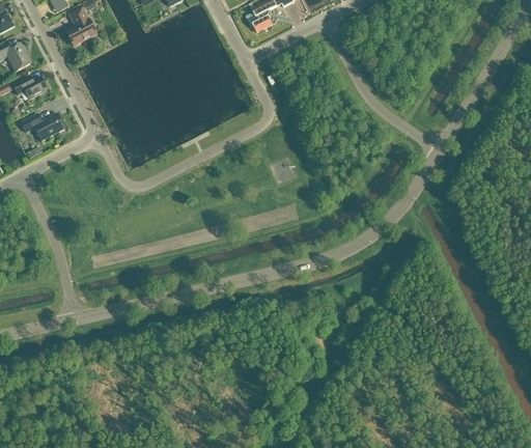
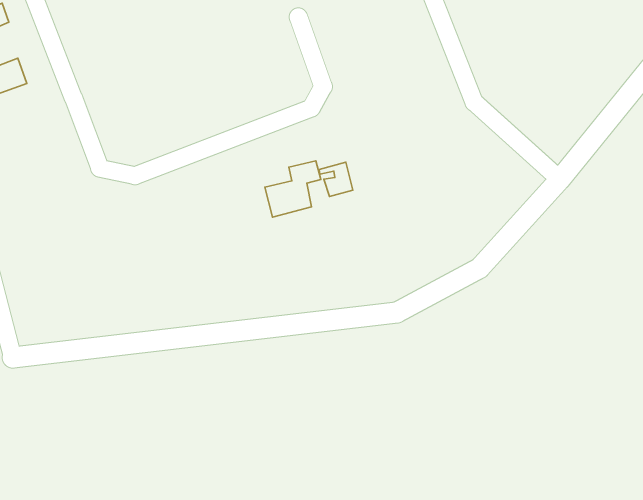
building: none -> [265,161,321,217]

